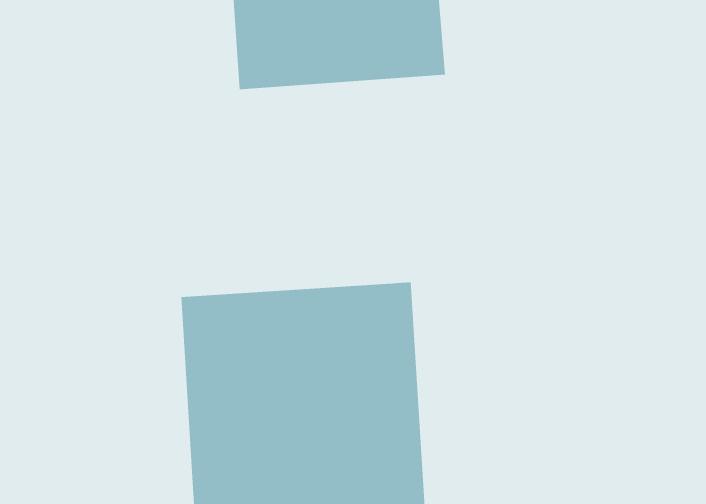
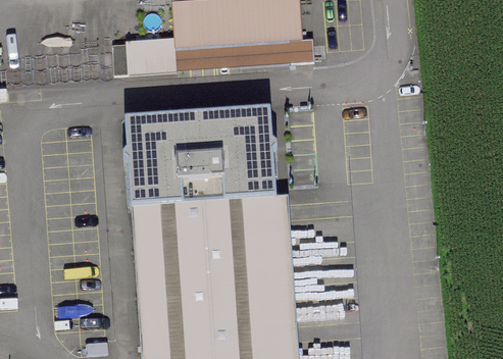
building: none -> [125,110,275,207]

